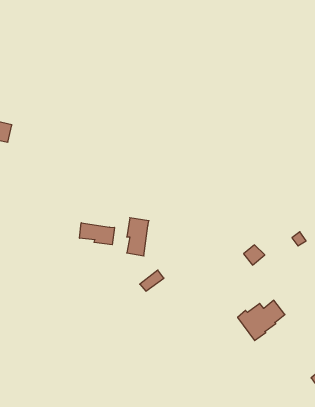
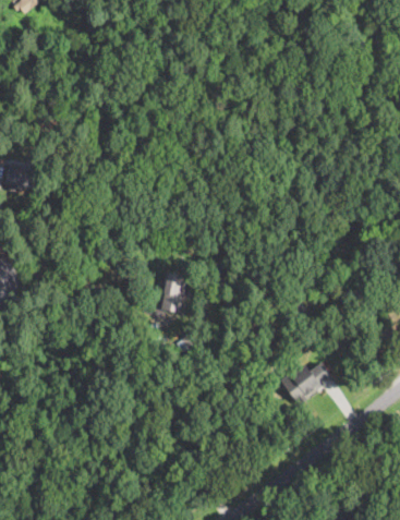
building: [80,223,114,245] -> none

